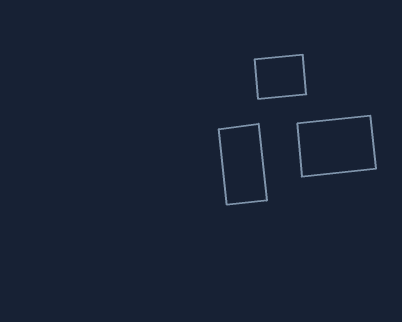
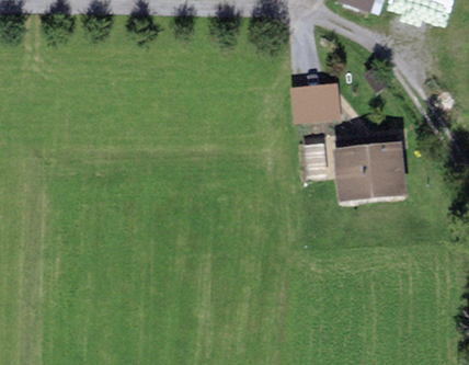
building: [219,124,267,205] -> none

